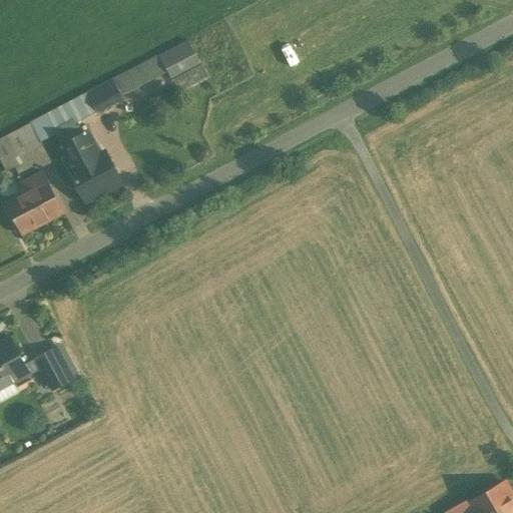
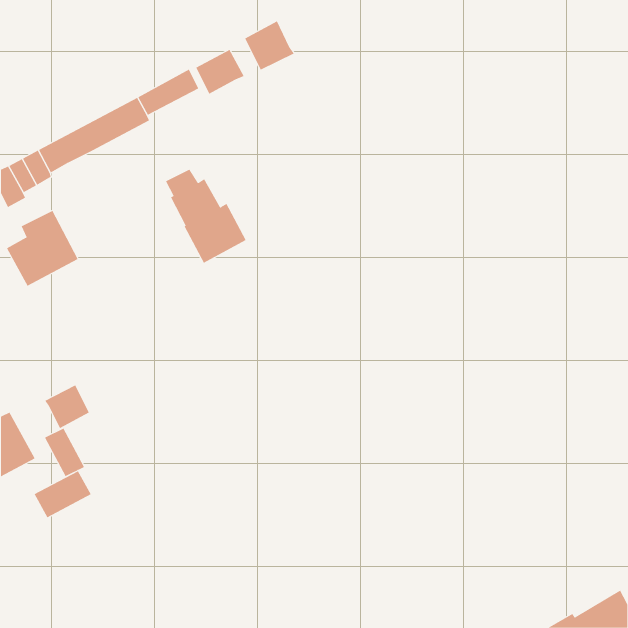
building: none -> [244,21,294,71]
building: [55,123,121,200] -> [165,169,246,263]
building: none -> [45,385,90,429]
building: none -> [34,470,92,518]

